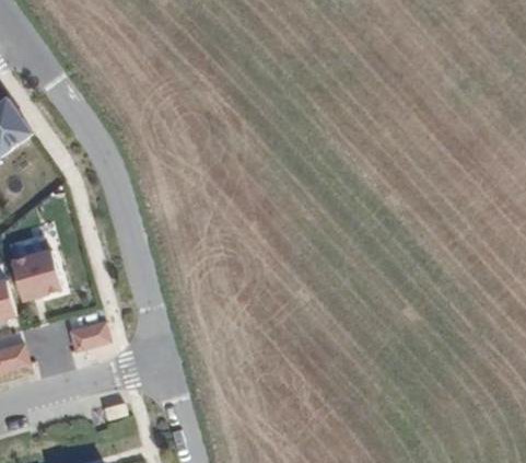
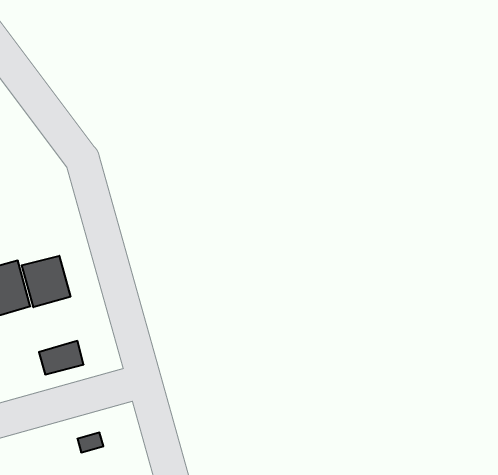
building: none -> [22,256,70,307]

